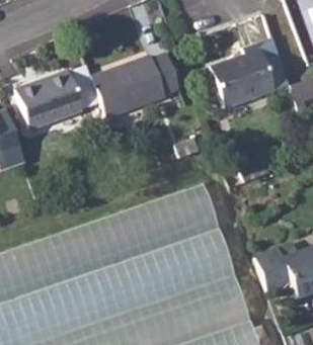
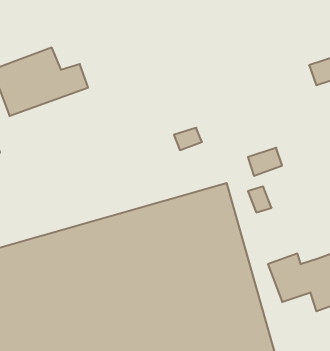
building: [211,41,277,107] -> none
building: [89,53,179,118] -> none

